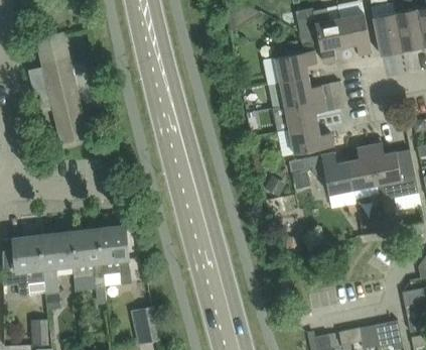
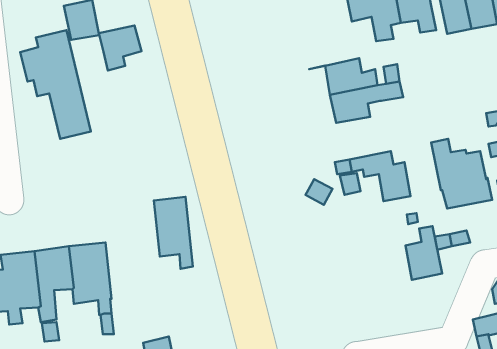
building: [36,33,66,60] -> none
building: none -> [99,25,142,71]
building: [262,50,317,86] -> none
building: [289,125,333,155] -> none
building: [345,146,376,191] -> [406,226,442,280]
building: [99,226,131,285] -> [154,197,193,269]

